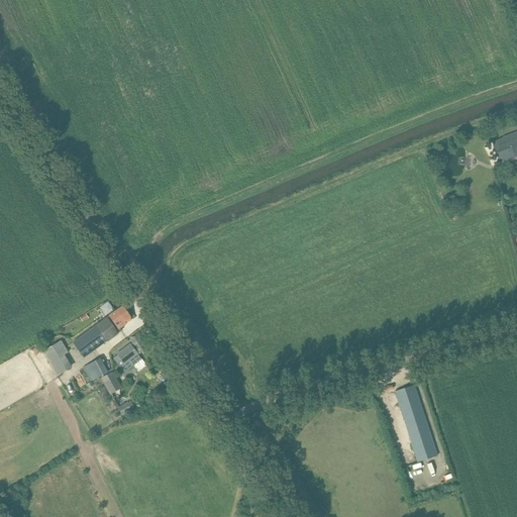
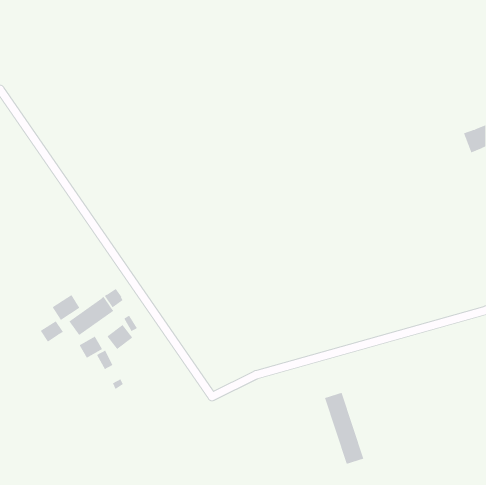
building: none -> [52,294,80,321]
building: [395,385,437,461] -> [324,392,364,465]

